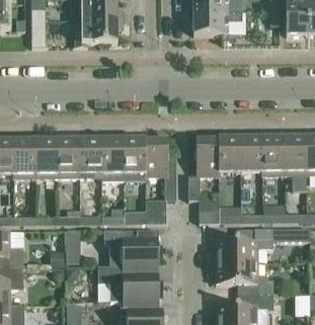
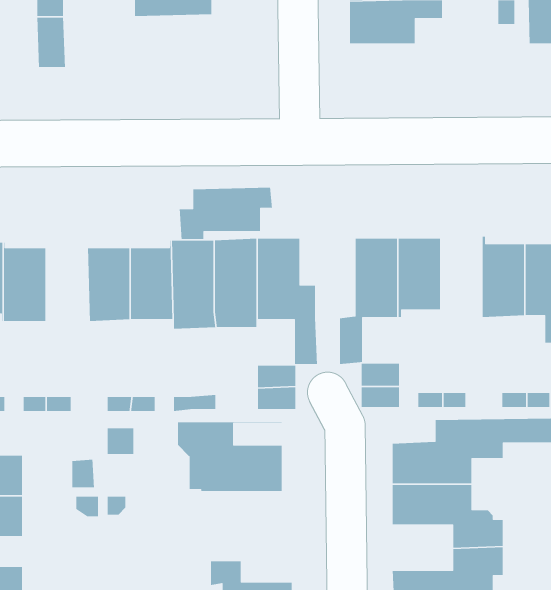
building: [74,18,123,46] -> [179,187,273,240]
building: [240,133,261,175] -> none
building: [35,139,58,177] -> none
building: [97,264,158,301] -> none

